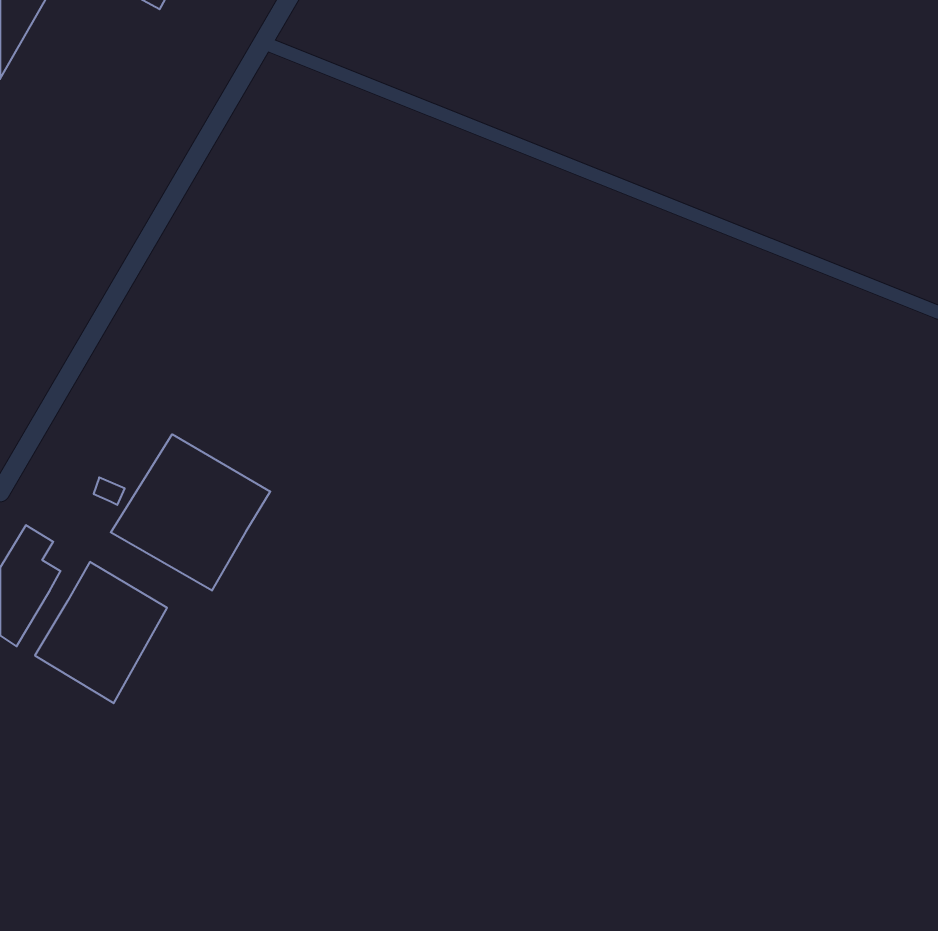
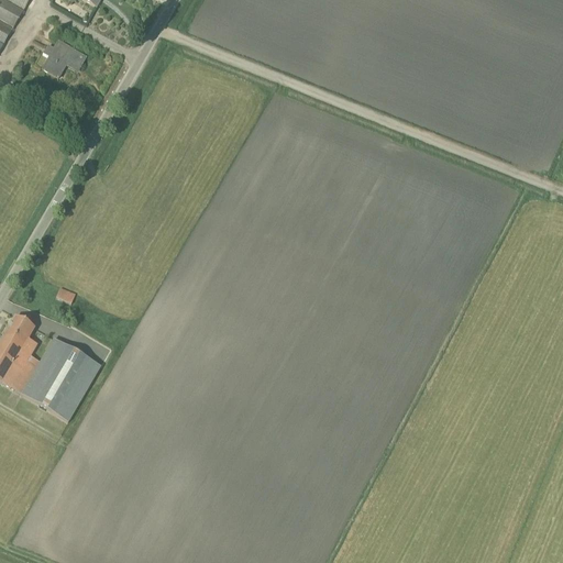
building: none -> [43,41,85,76]
building: [111,434,270,591] -> none

